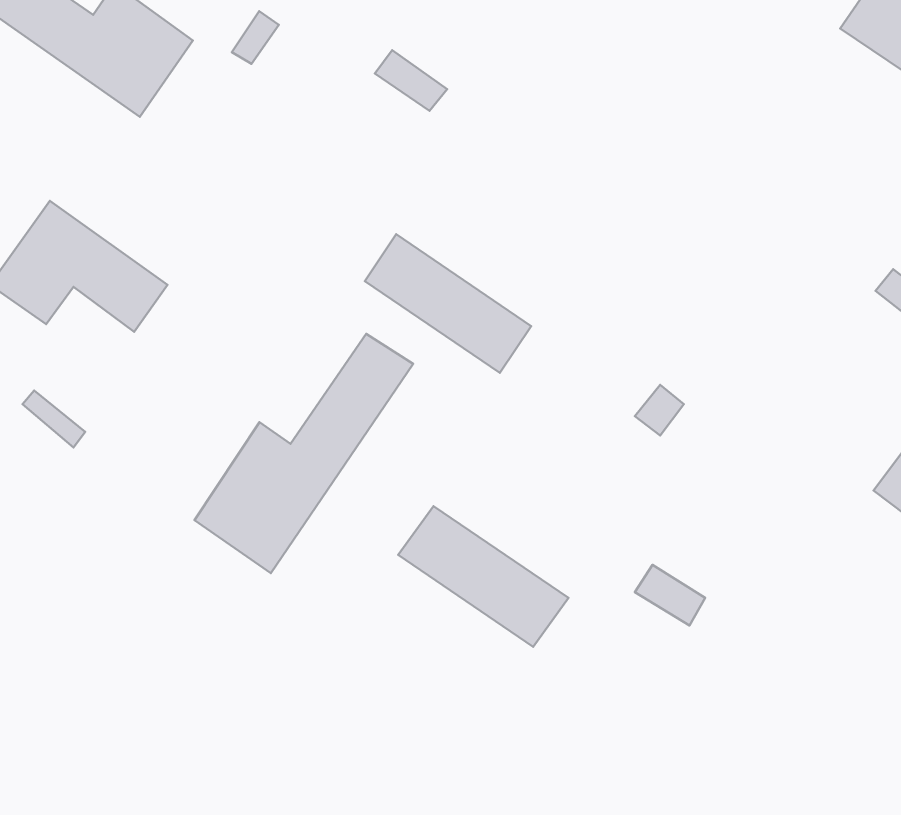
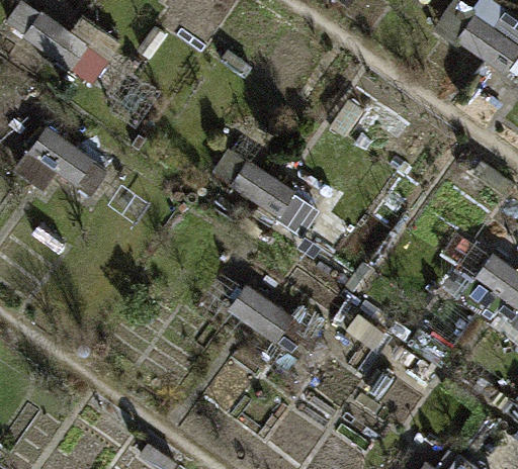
building: [195,334,413,573] -> none

